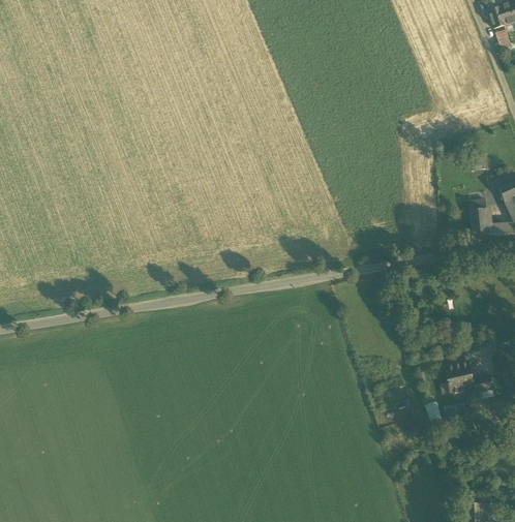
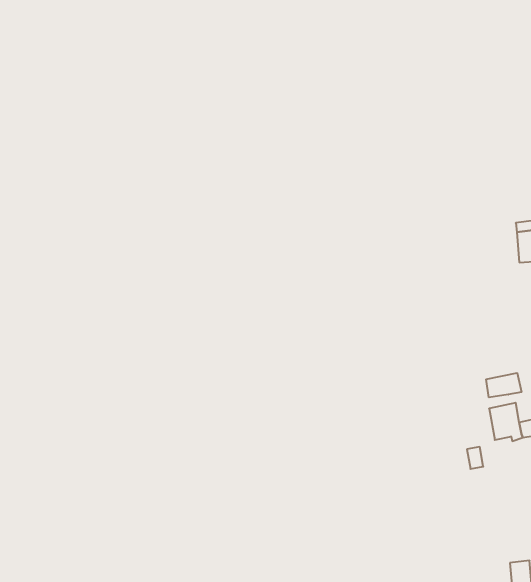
building: none -> [486,373,521,397]

